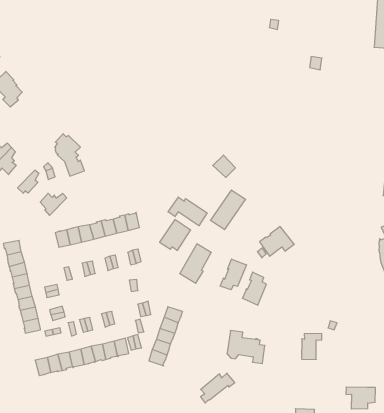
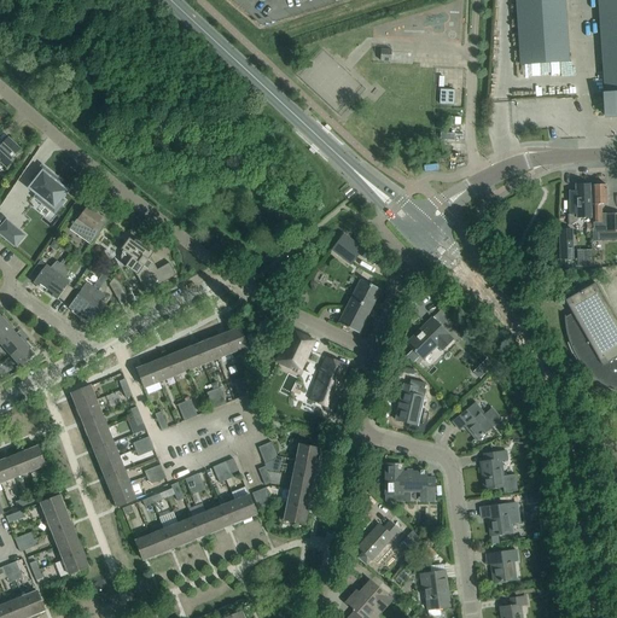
building: none -> [69,204,105,244]
building: [40,193,67,215] -> [64,285,98,316]
building: [168,197,207,226] -> none
building: [220,259,246,290] -> none
building: none -> [453,403,500,438]
building: [346,387,375,409] -> [479,502,520,535]

